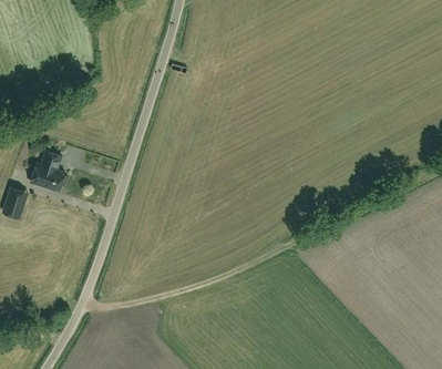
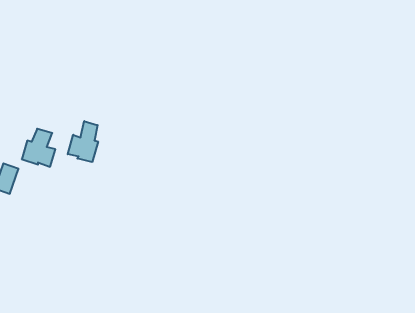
building: none -> [68,121,98,162]

